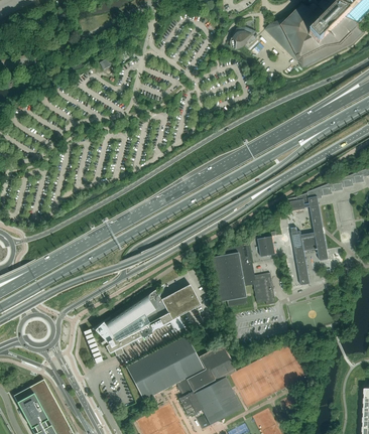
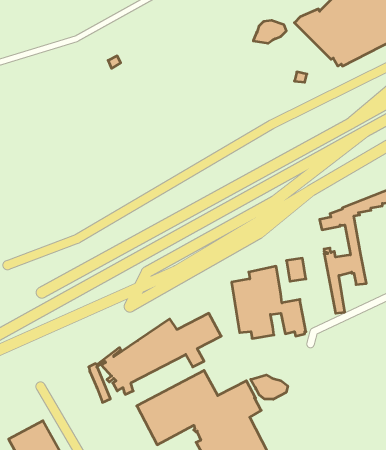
building: none -> [251,375,288,399]

